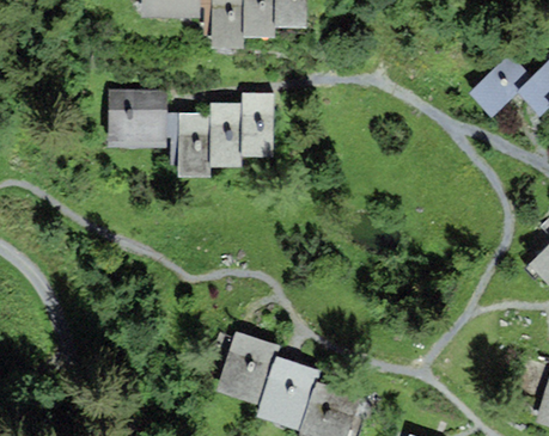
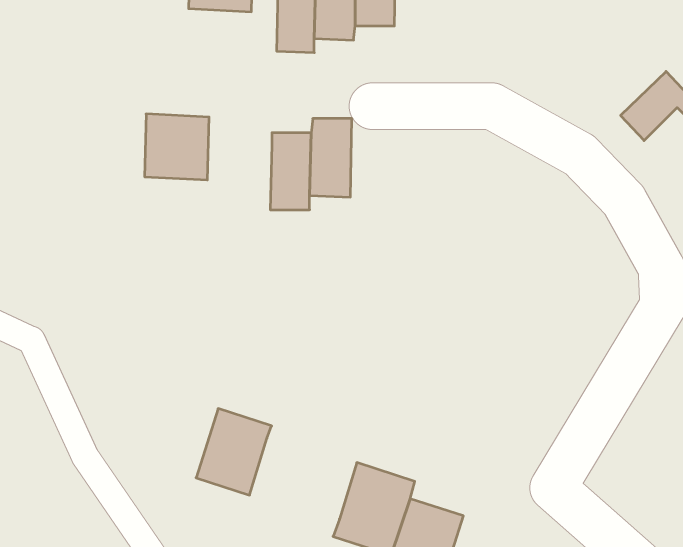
building: [179,115,209,173] -> none
building: [220,333,277,399] -> [196,409,272,495]

